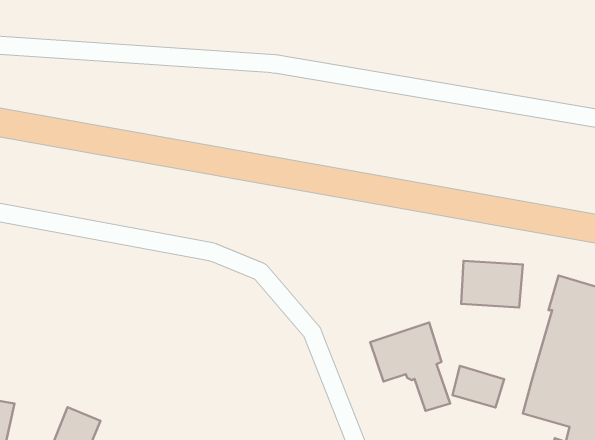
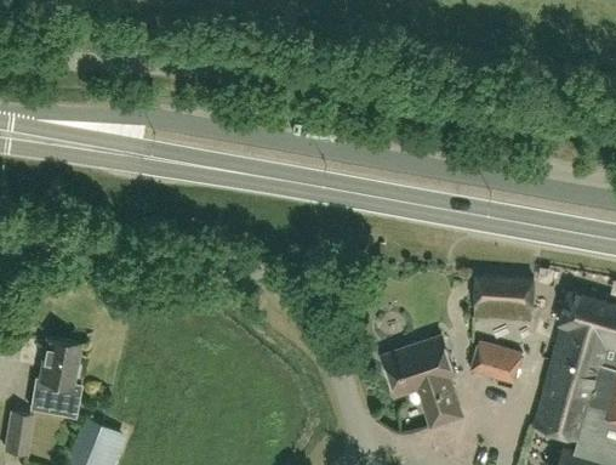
building: none -> [28,339,80,419]
building: [452,366,504,408] -> [472,341,523,382]

